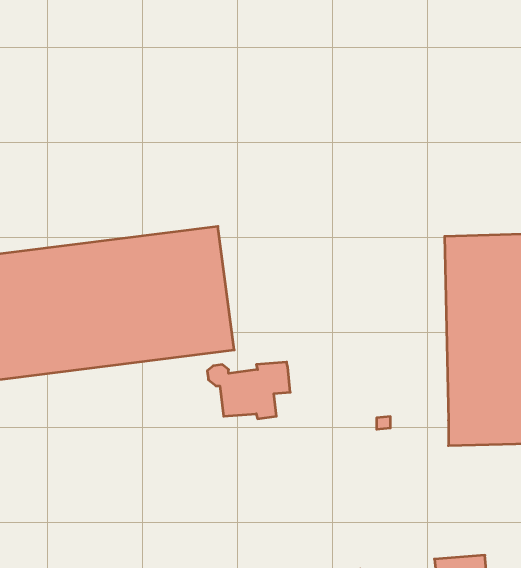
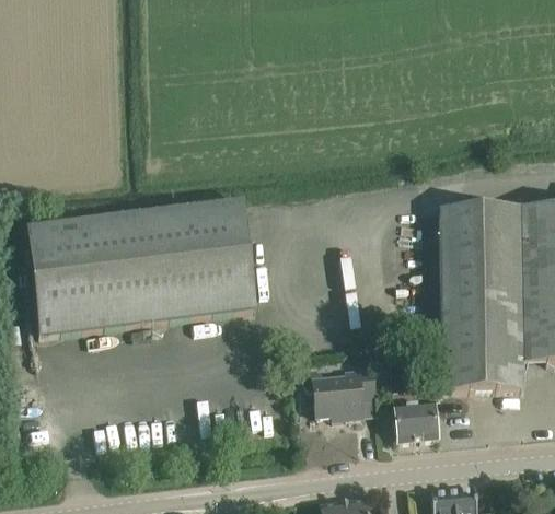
building: [207,362,290,419] -> [303,367,375,417]
building: none -> [393,383,439,441]

